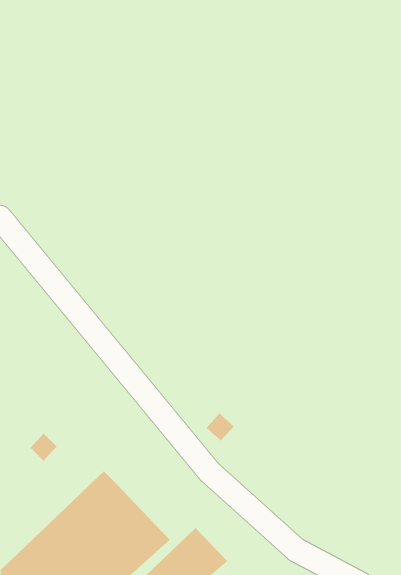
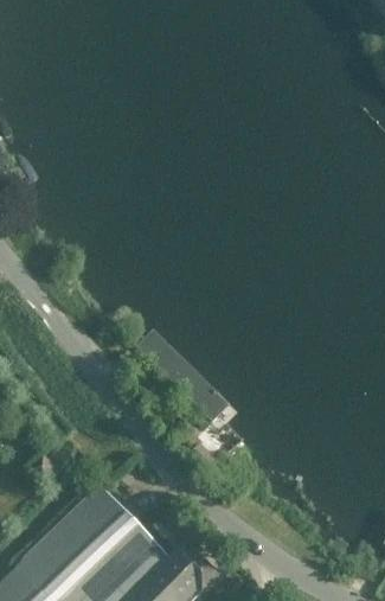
building: none -> [135,328,238,429]

